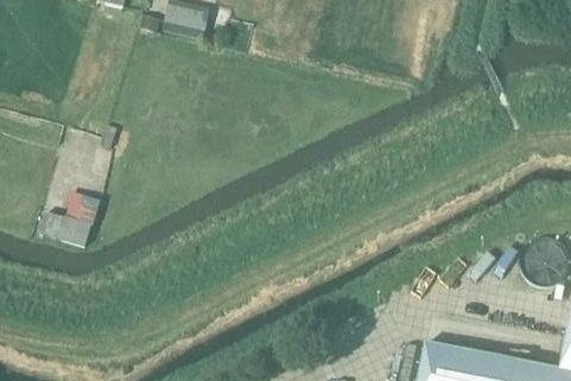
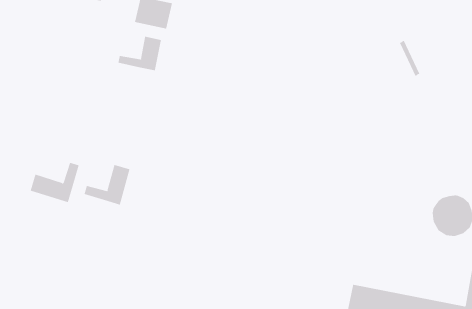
building: none -> [118,36,161,71]
building: none -> [84,164,130,205]

